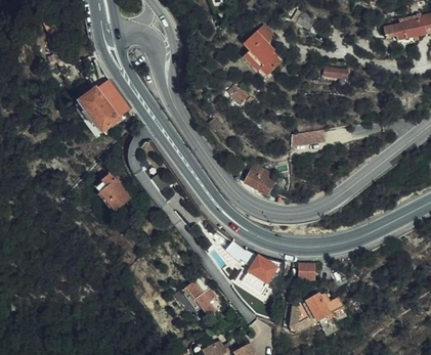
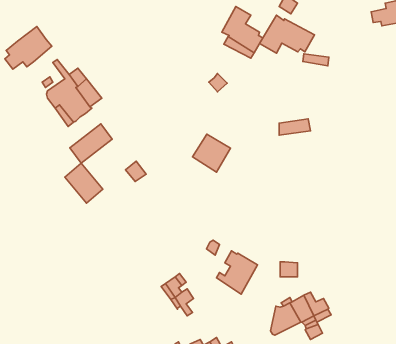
building: none -> [260,15,315,53]
building: none -> [5,27,52,69]
building: none -> [70,124,112,163]
building: [246,159,282,194] -> [193,134,230,172]

